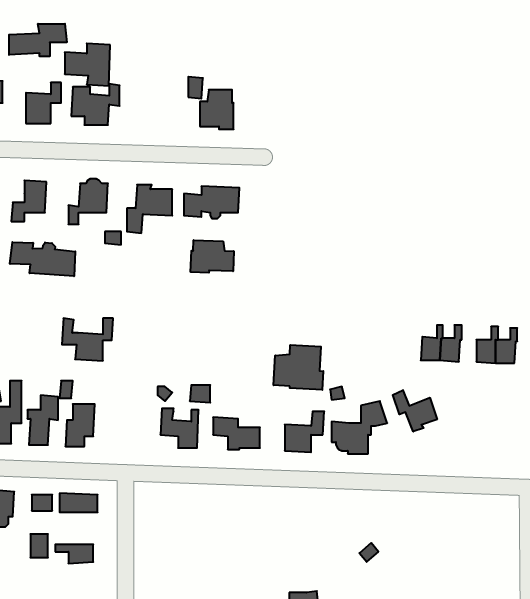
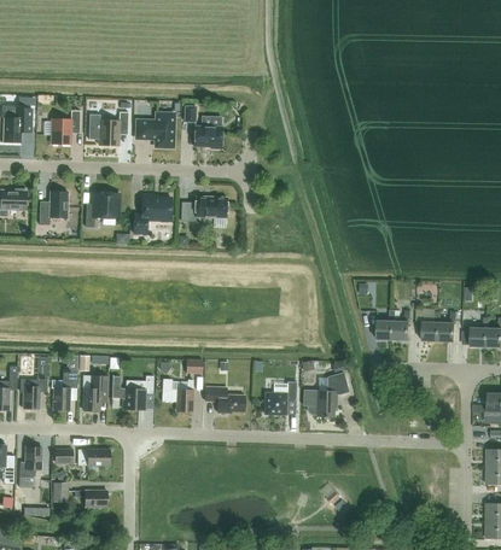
building: [9,24,67,56] -> none
building: [65,43,110,86] -> [136,112,174,147]
building: [191,240,234,273] -> none
building: [10,242,75,276] -> none
building: [62,318,113,361] -> [111,375,153,410]
building: [274,345,323,390] -> none
building: [393,390,437,432] -> none

